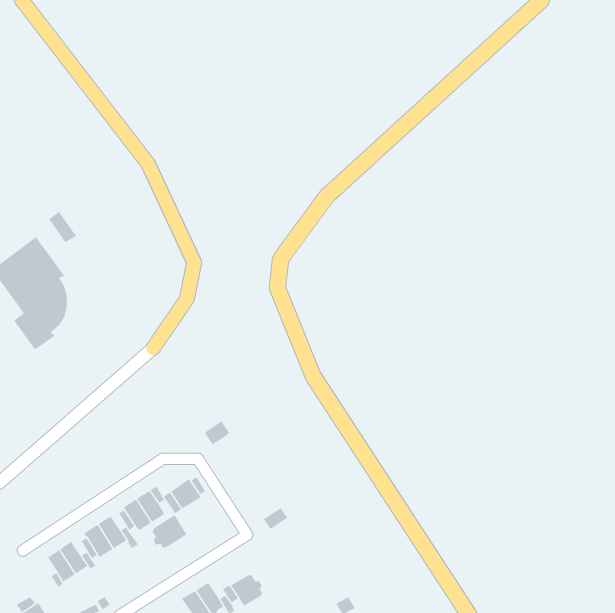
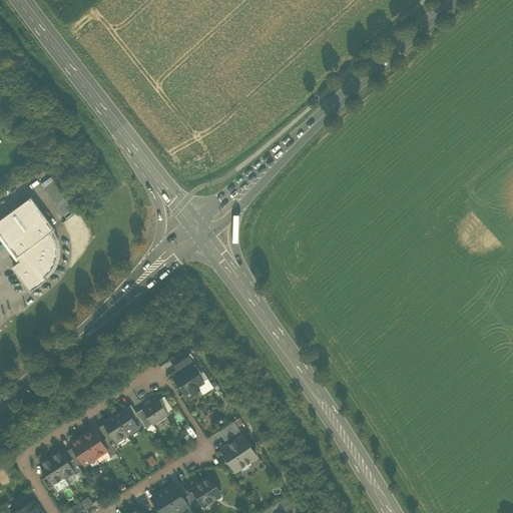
building: none -> [174,366,202,396]
building: [151,514,188,548] -> none
building: none -> [220,437,256,473]

